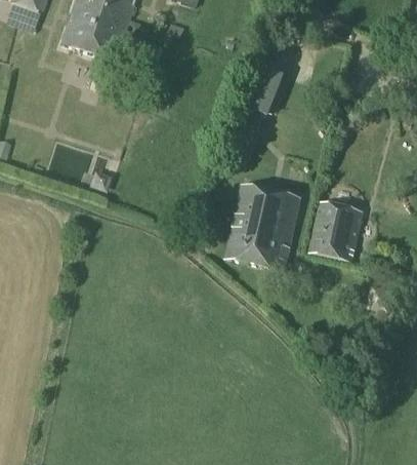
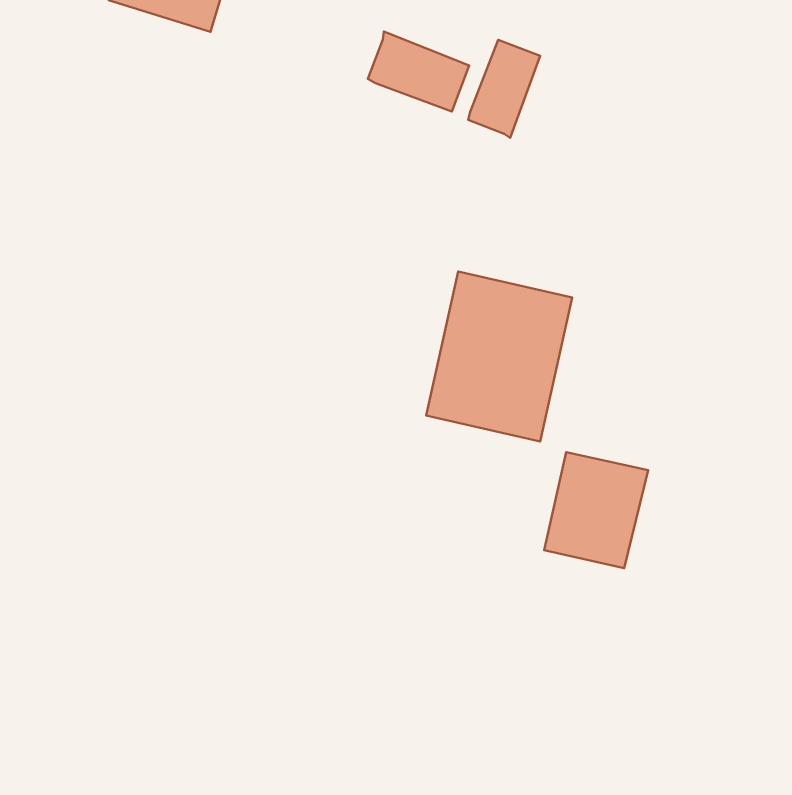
building: none -> [368,32,469,111]
building: [309,199,363,259] -> [544,452,648,568]

